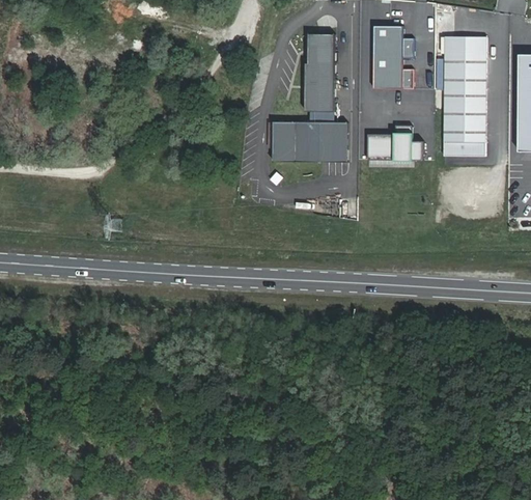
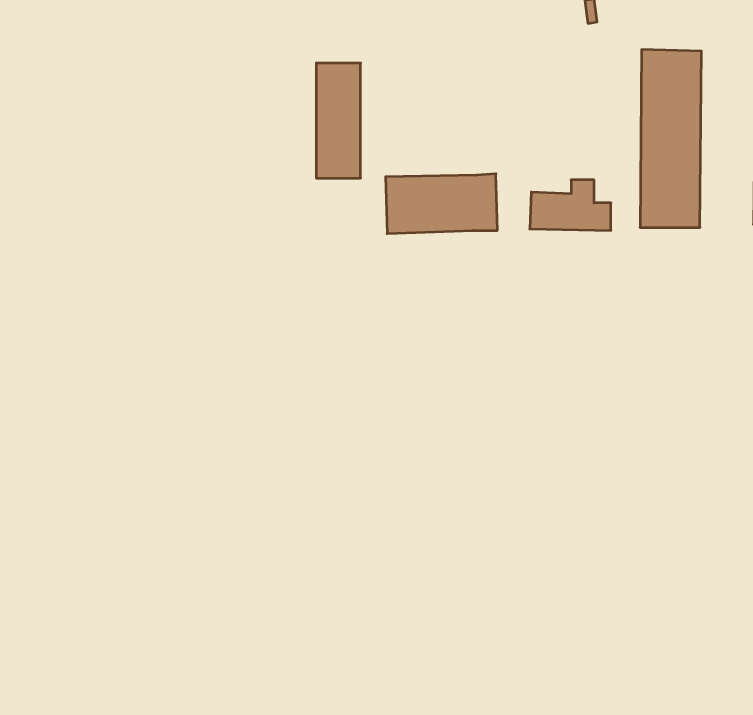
building: [374,25,415,88] -> none
building: [305,32,335,110] -> [316,63,361,178]

